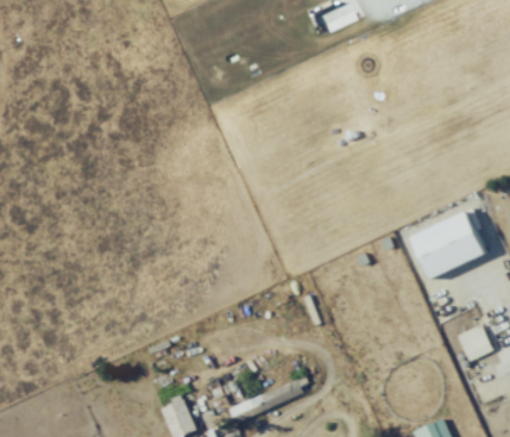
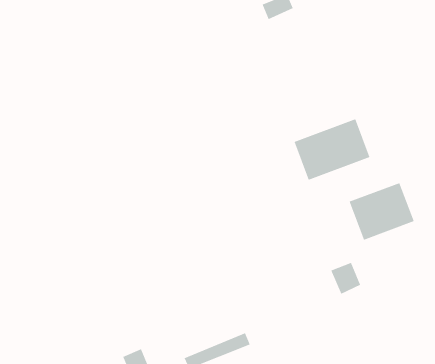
building: none -> [293,118,370,181]
building: [458,324,492,361] -> [330,262,361,295]

